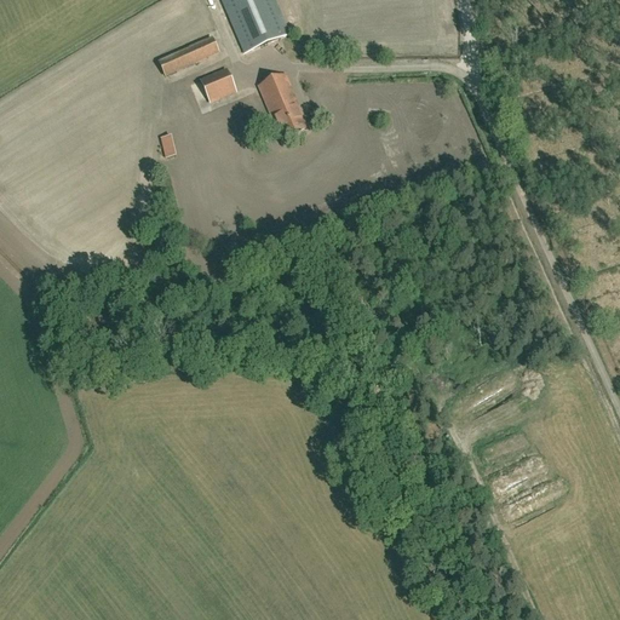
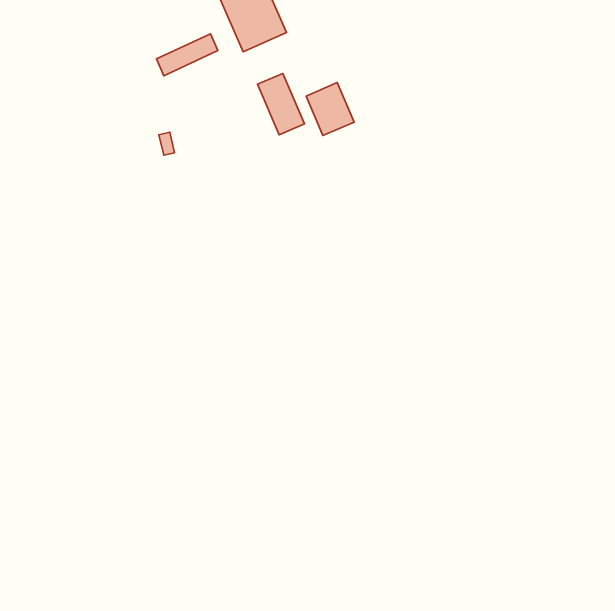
building: [201,68,235,101] -> none
building: none -> [306,83,354,135]

